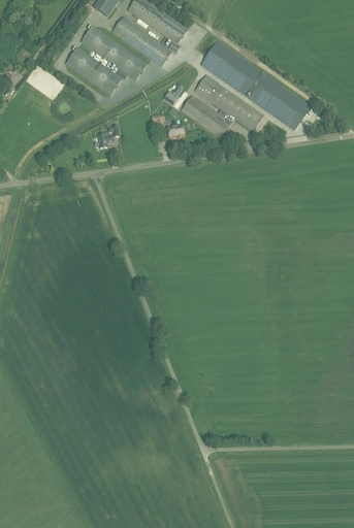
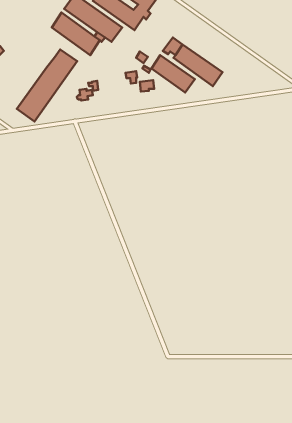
building: [200,41,310,130] -> none
building: none -> [17,50,77,121]

